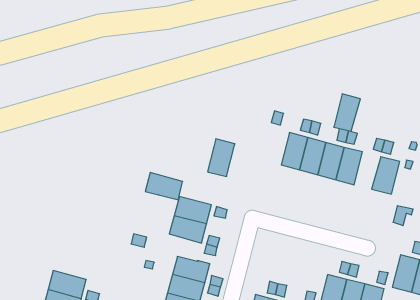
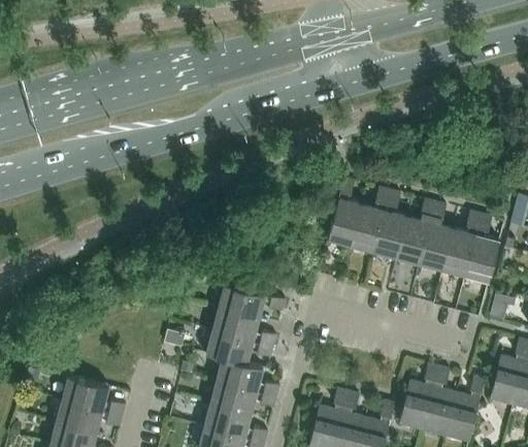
building: [334,94,360,131] -> [442,228,475,275]
building: [208,139,235,176] -> [328,198,362,245]
building: [145,172,183,200] -> [206,330,253,364]

